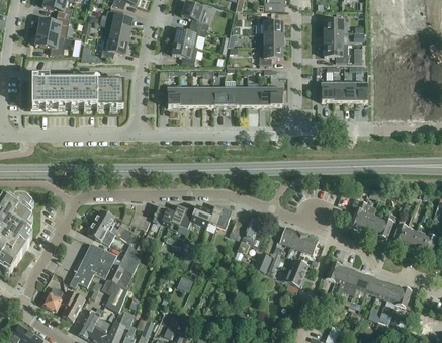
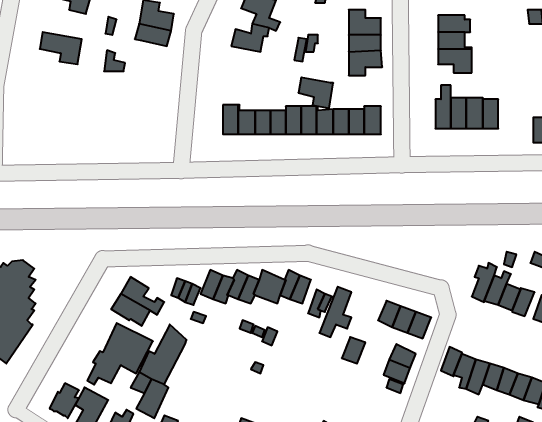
building: [37,15,69,36] -> none
building: [101,36,127,57] -> none
building: [172,41,197,64] -> [298,77,333,108]
building: [31,76,123,106] -> none

